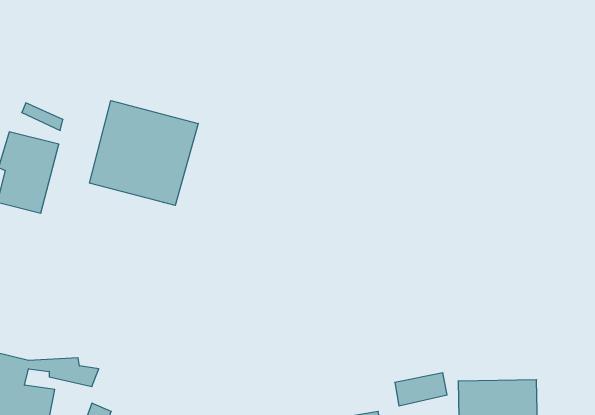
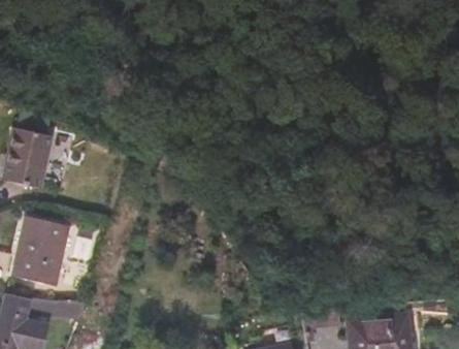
building: [90,101,198,205] -> none
building: none -> [13,218,70,287]

